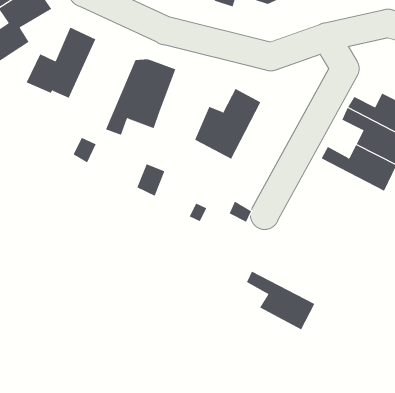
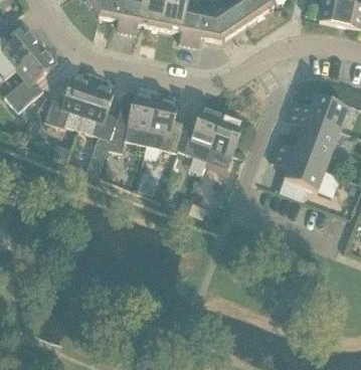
building: none -> [78,83,117,141]
building: none -> [146,99,185,153]
building: none -> [207,116,244,169]
building: [246,271,315,330] -> [272,153,326,193]

